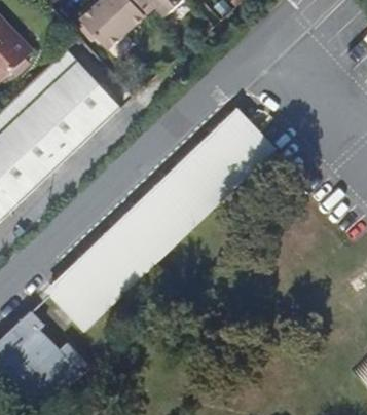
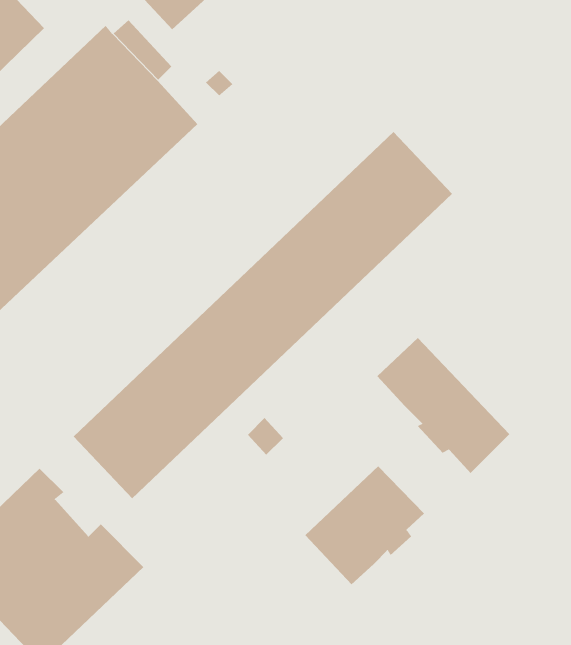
building: none -> [376,337,510,474]
building: none -> [305,465,425,585]

